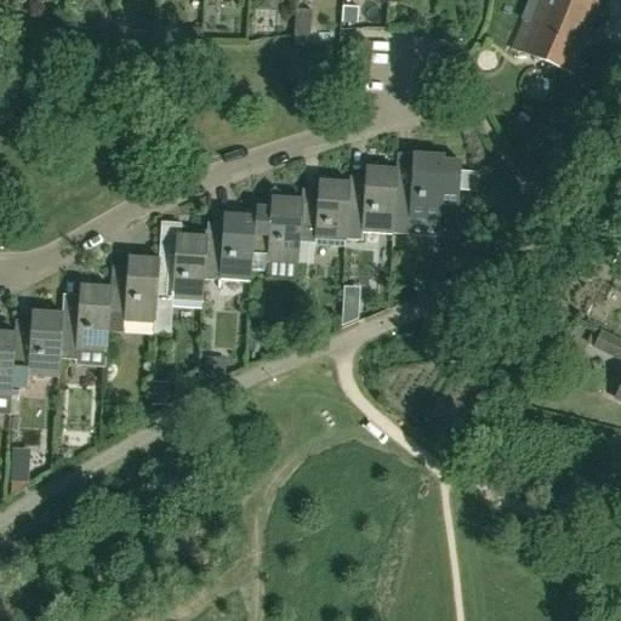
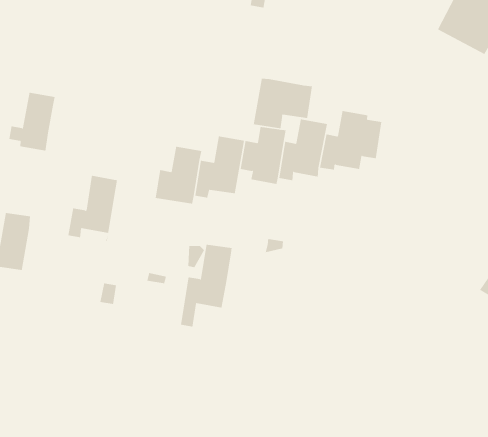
building: none -> [253,78,313,129]
building: [154,233,206,331] -> [180,244,232,327]
building: [61,283,110,349] -> [9,92,56,151]

